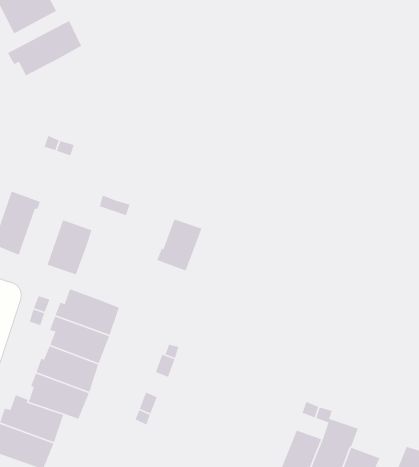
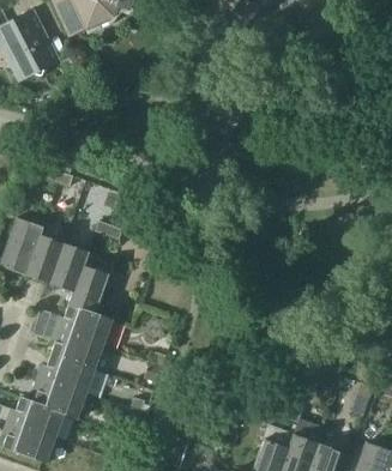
building: [7,20,82,77] -> none
building: none -> [24,234,62,283]
building: [156,219,202,271] -> [68,266,109,313]

